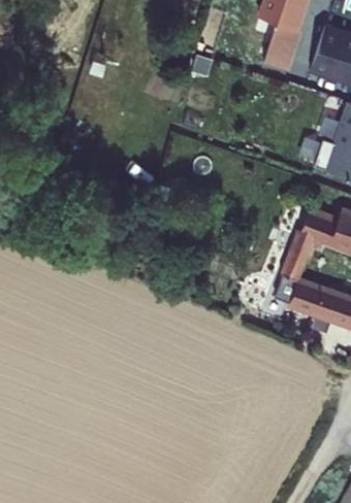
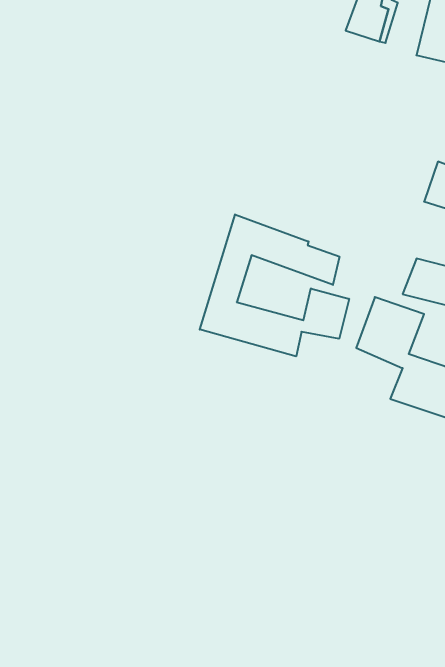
building: none -> [200,214,349,356]

